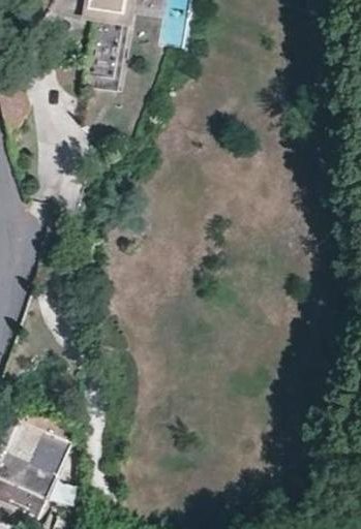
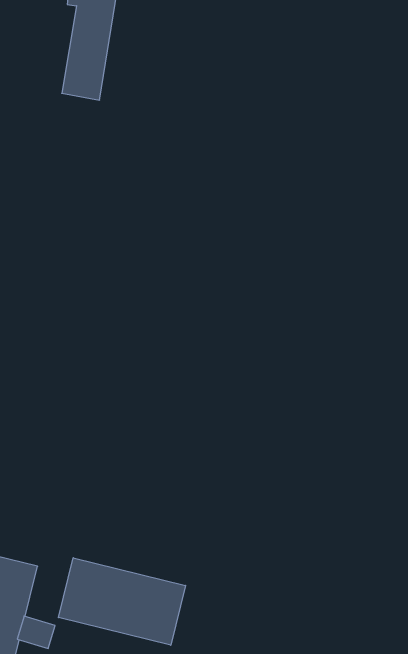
building: none -> [58,558,186,645]

